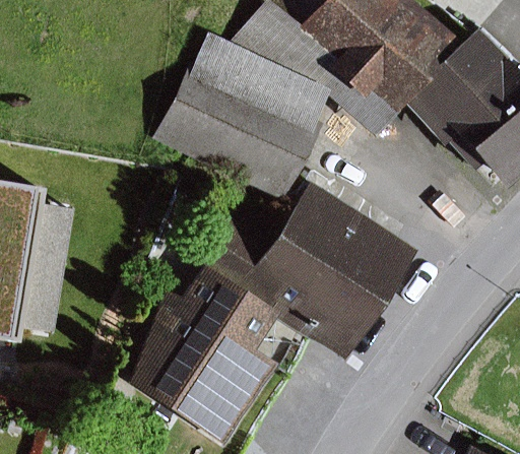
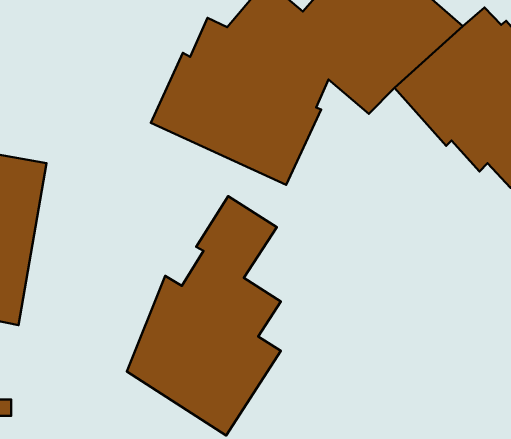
building: [246,183,418,355] -> none

